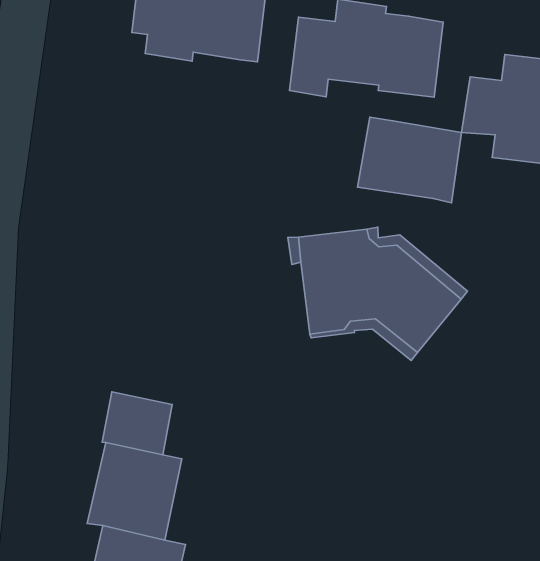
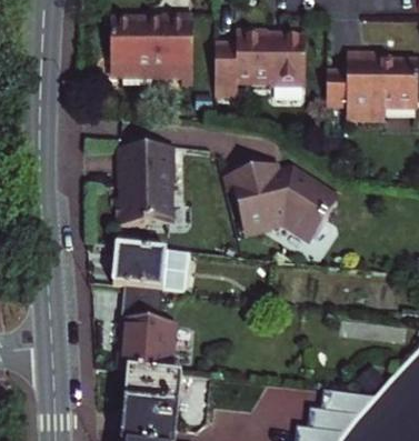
building: [358,117,462,203] -> none
building: none -> [117,151,171,230]
building: none -> [113,249,189,295]

